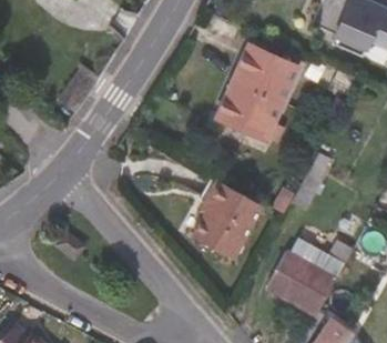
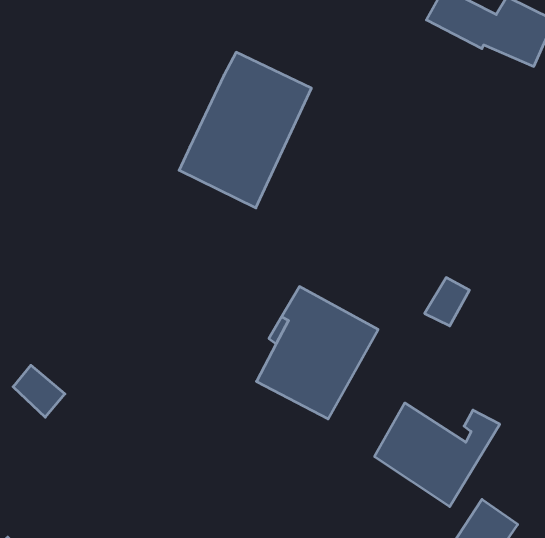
building: [225,44,307,141] -> [179,52,311,208]

